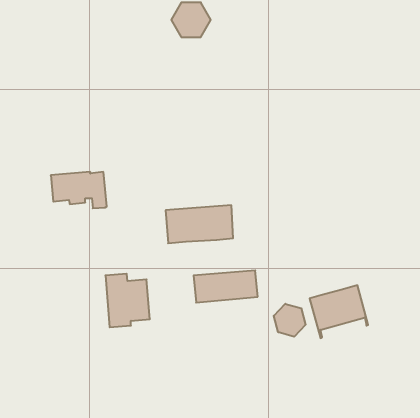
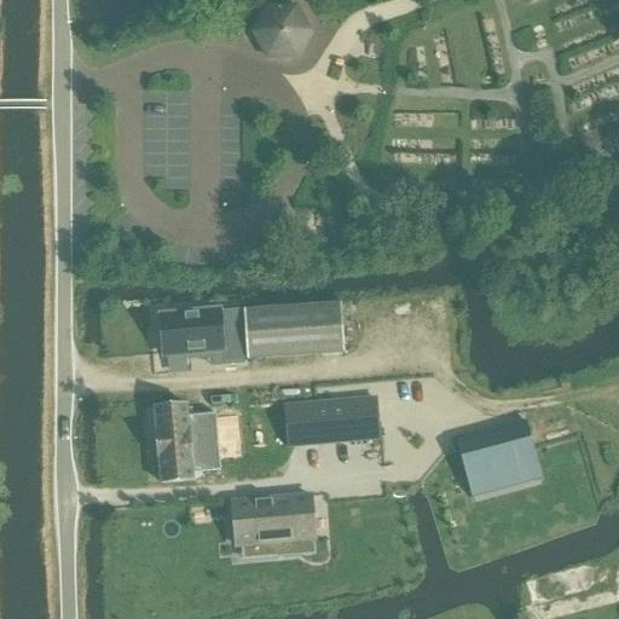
building: [51,172,107,208] -> [160,308,242,361]
building: [274,304,306,337] -> none
building: none -> [232,493,314,555]

